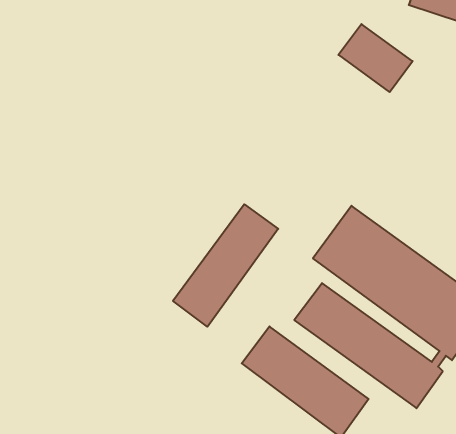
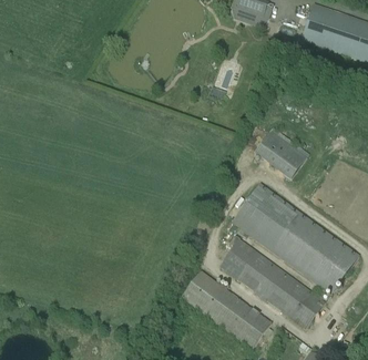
building: [338,24,413,92] -> [254,131,307,179]
building: [173,204,278,327] -> none

